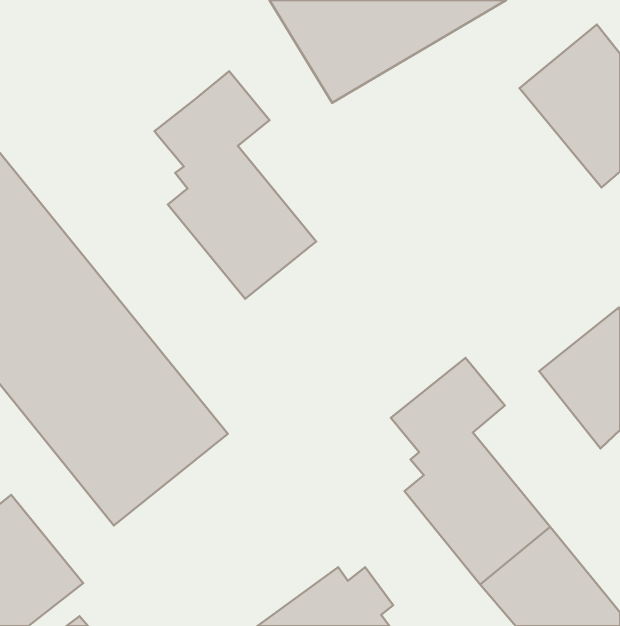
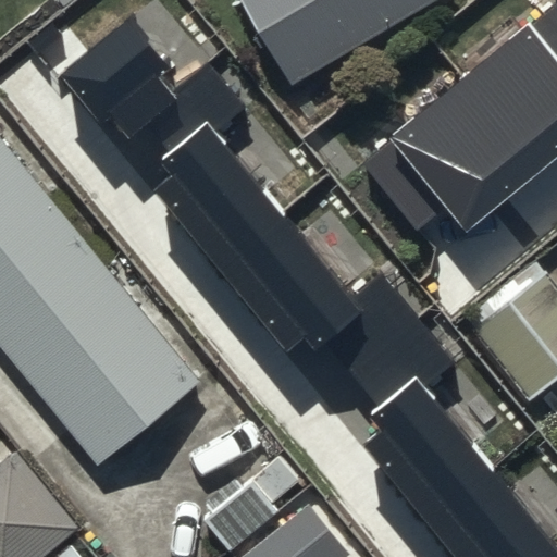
building: none -> [61,15,172,132]
building: none -> [393,78,534,223]
building: none -> [218,214,413,371]

